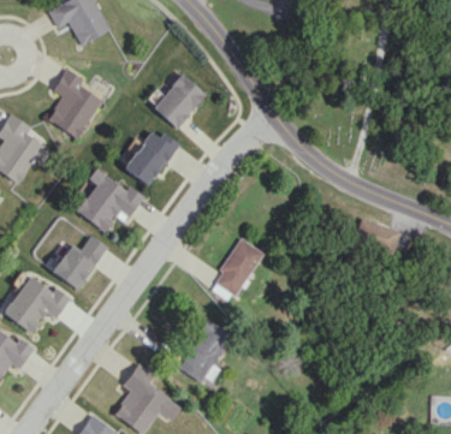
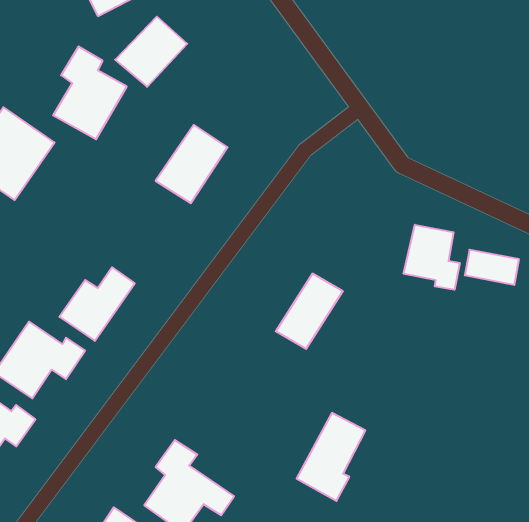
building: [153,75,207,127] -> [115,17,187,87]
building: [77,168,144,232] -> none
building: none -> [404,225,460,290]
building: [180,320,232,386] -> [297,413,365,501]

